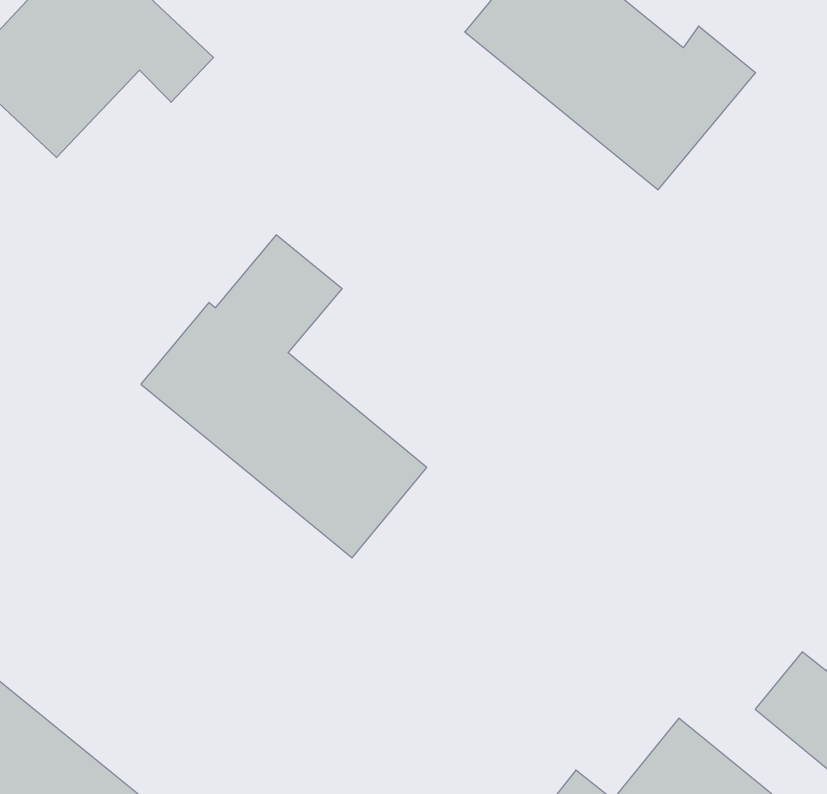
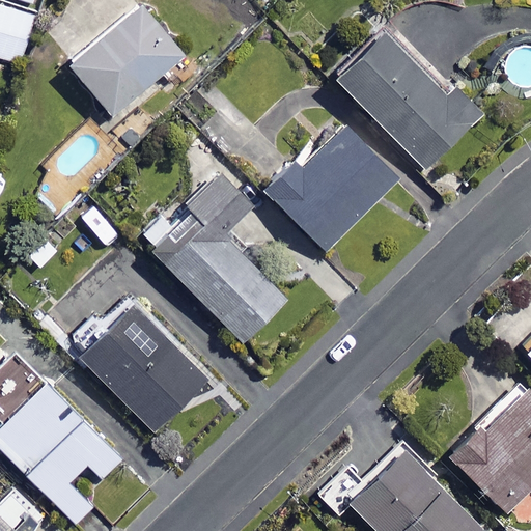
building: none -> [264,116,400,252]
building: none -> [74,298,207,435]

